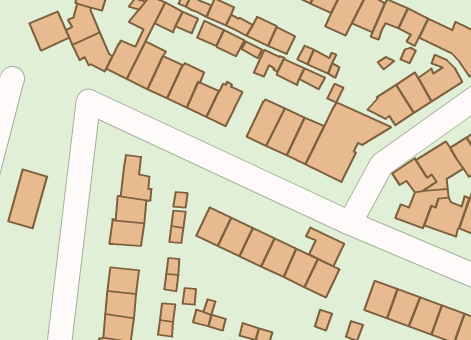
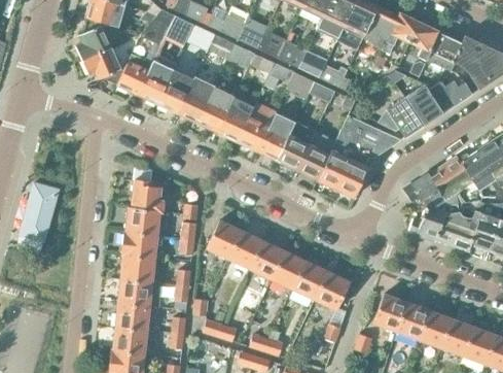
building: [29,11,69,51] -> none
building: none -> [237,105,274,149]
building: [306,227,344,266] -> none
building: none -> [121,257,152,283]

